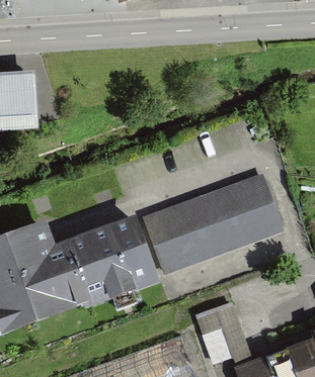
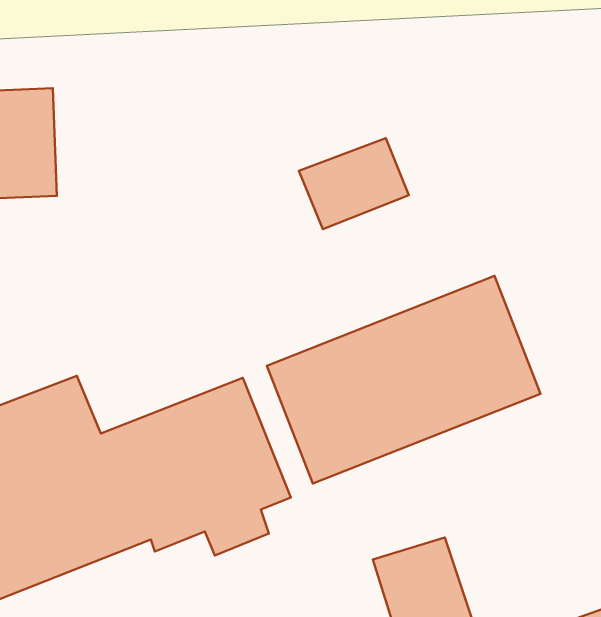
building: none -> [299,138,409,229]

